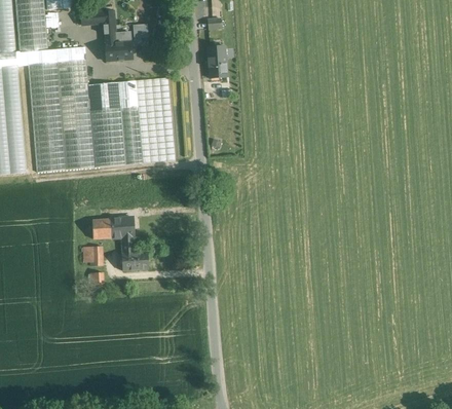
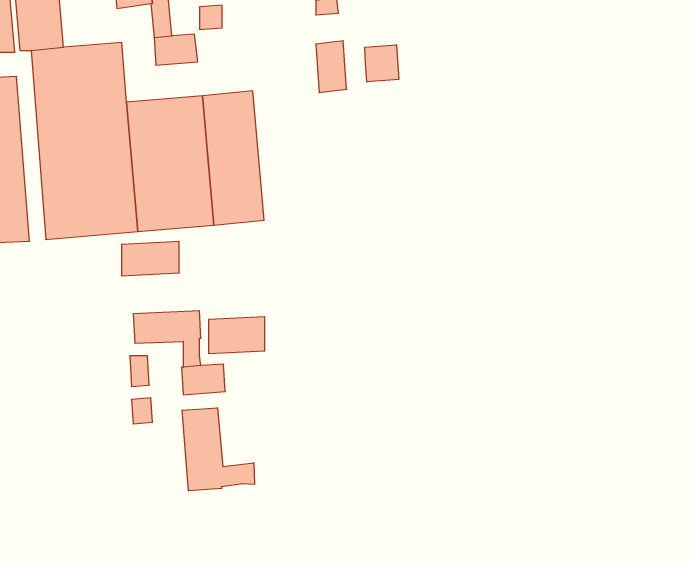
building: none -> [365,45,399,82]
building: none -> [122,241,179,276]
building: none -> [209,317,265,354]
building: none -> [182,408,255,491]

